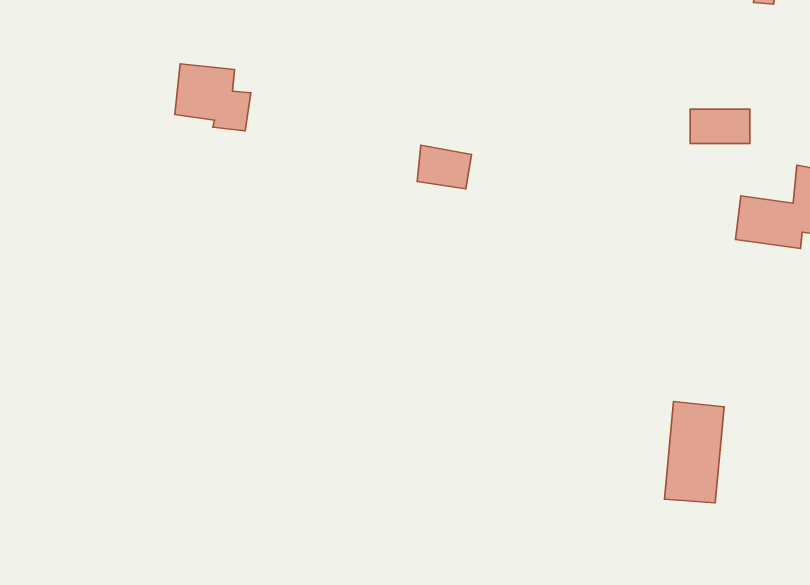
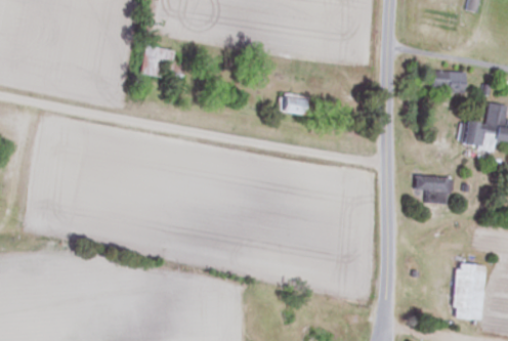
building: none -> [415,176,453,200]
building: [664,402,724,503] -> [451,262,484,319]

